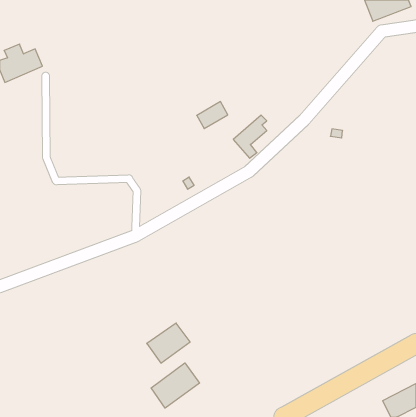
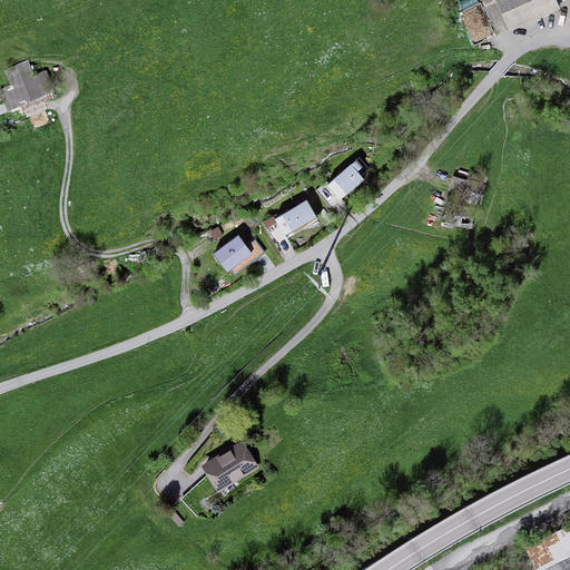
building: [197,102,228,129] -> [273,198,315,235]
building: none -> [213,234,250,271]
building: [151,363,200,408] -> none

